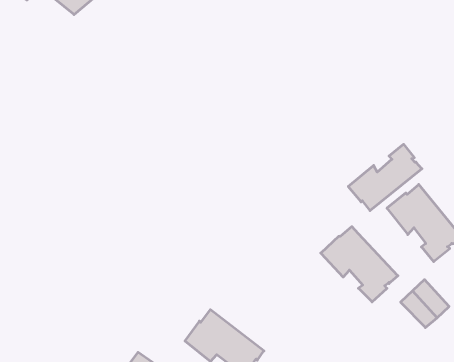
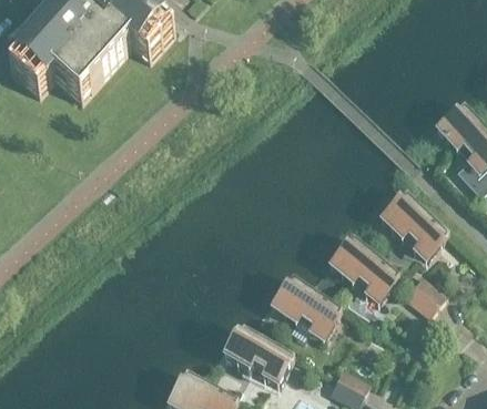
building: [348,144,422,211] -> none
building: none -> [271,279,339,338]

